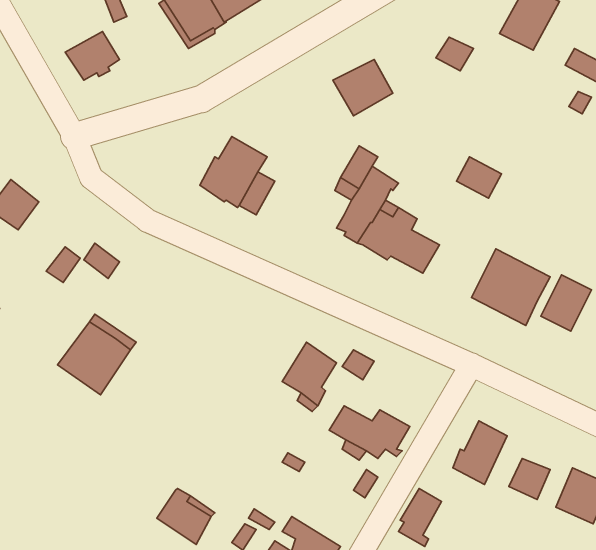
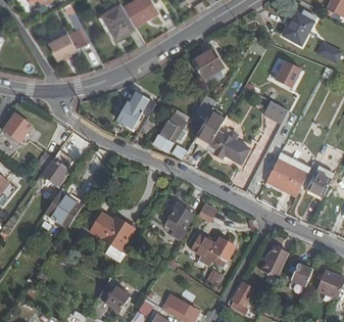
building: none -> [272,60,298,89]
building: none -> [154,113,188,150]
building: none -> [45,157,70,185]
building: none -> [89,215,133,252]

